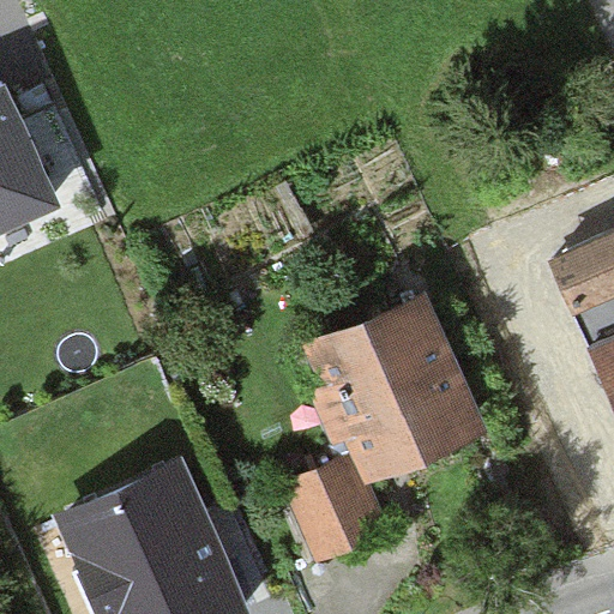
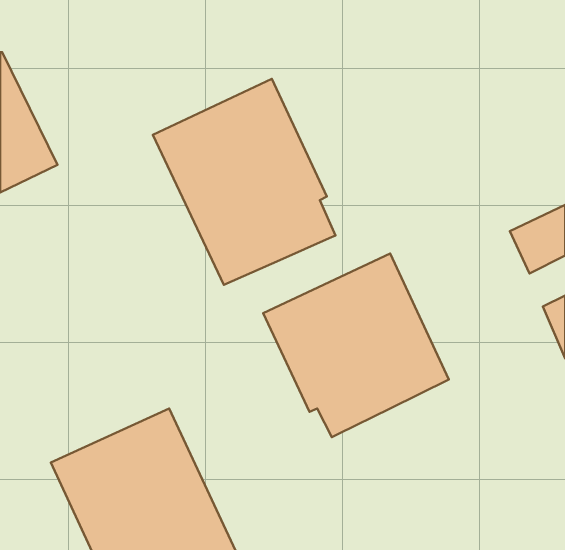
building: none -> [153,79,336,285]
building: [279,459,389,566] -> none

